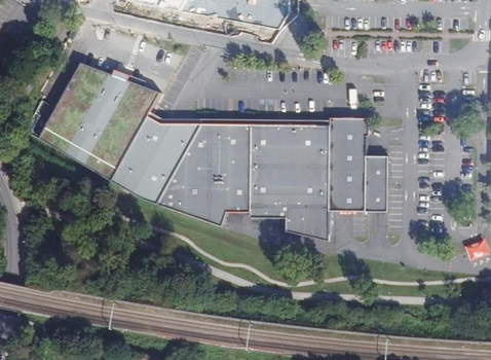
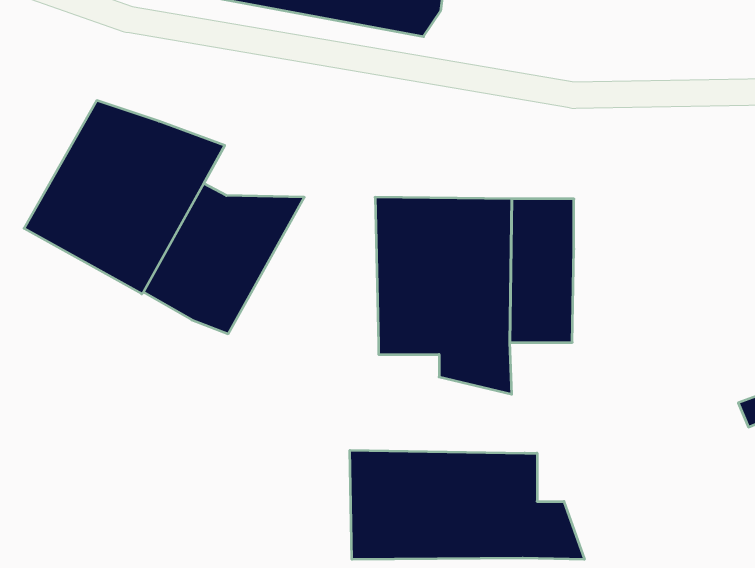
building: [160,122,250,224] -> none
building: [365,153,387,209] -> none
building: none -> [350,450,584,559]

